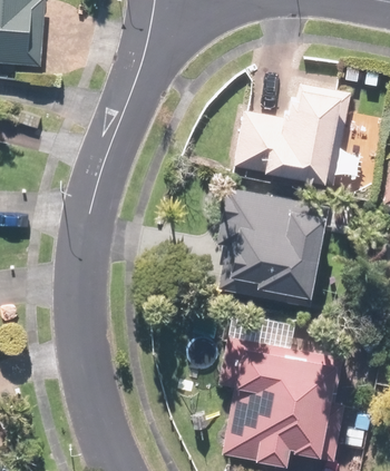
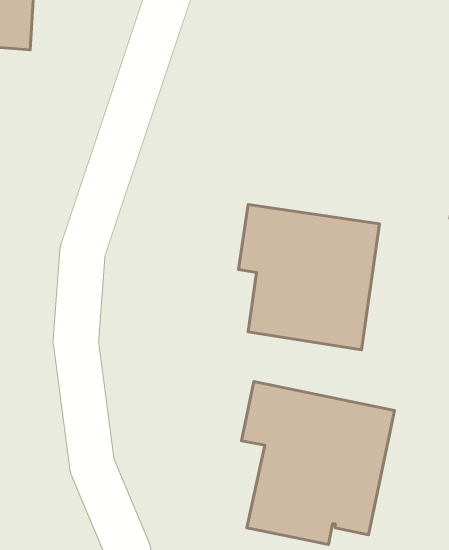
building: [233,82,365,193] -> none

